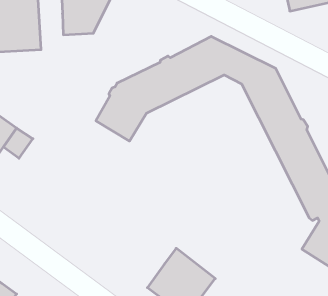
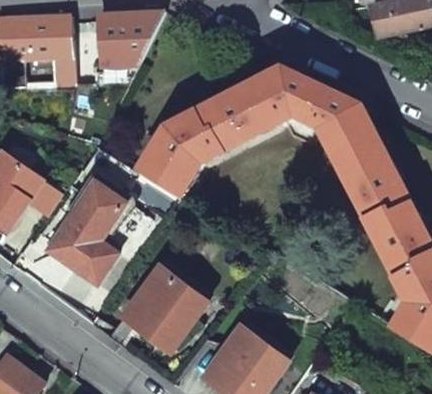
building: none -> [47,181,128,284]
building: none -> [122,268,205,351]

